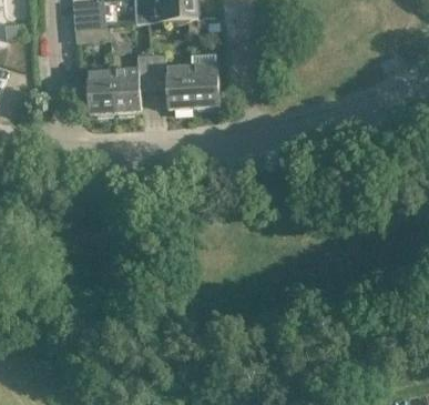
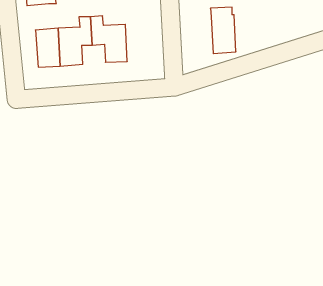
building: [190,52,219,107] -> [210,7,236,54]

